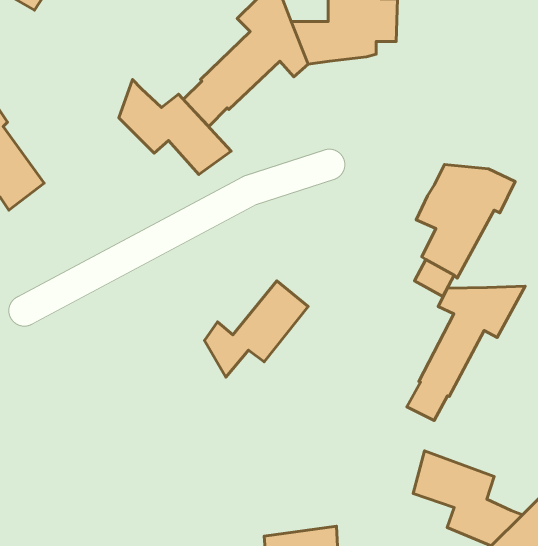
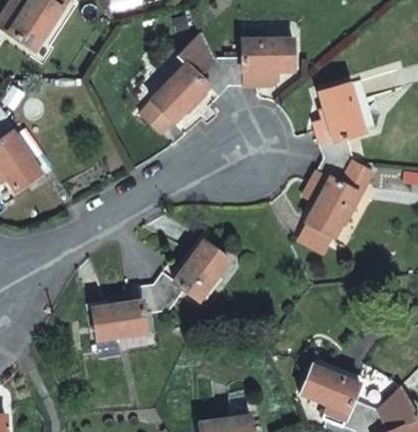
building: none -> [317,83,365,161]
building: [119,79,231,174] -> none
building: [407,286,525,421] -> none
building: none -> [91,283,170,336]

